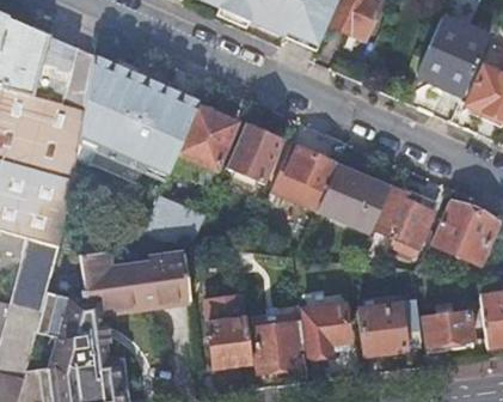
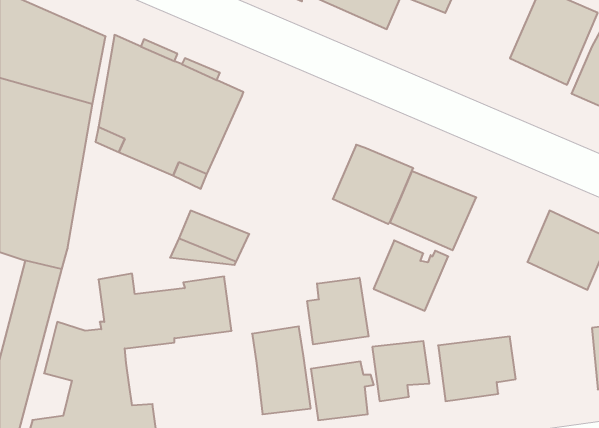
building: [178,105,237,169] -> none
building: [226,122,284,183] -> none
building: [378,188,438,245] -> [374,240,448,311]
building: none -> [307,278,369,344]
building: [425,311,474,343] -> none

